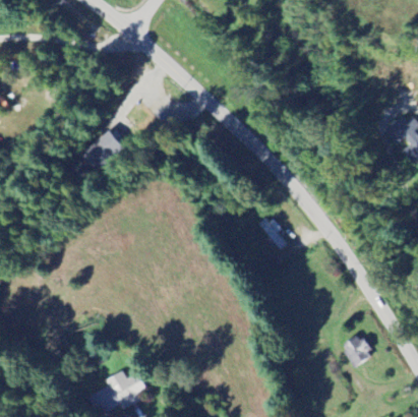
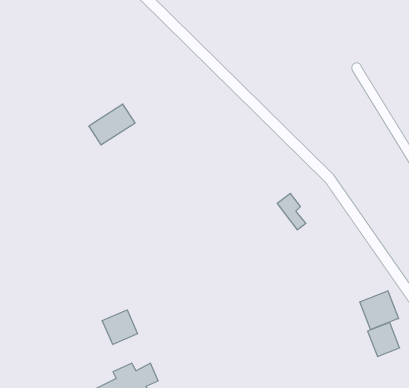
building: none -> [360,291,399,330]
building: none -> [102,310,138,344]

